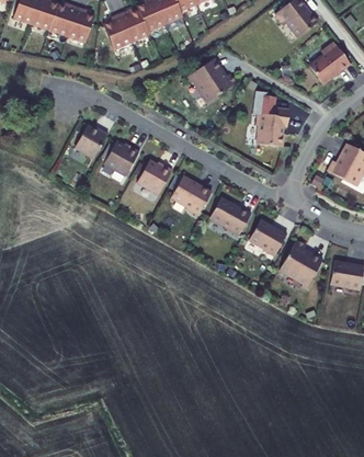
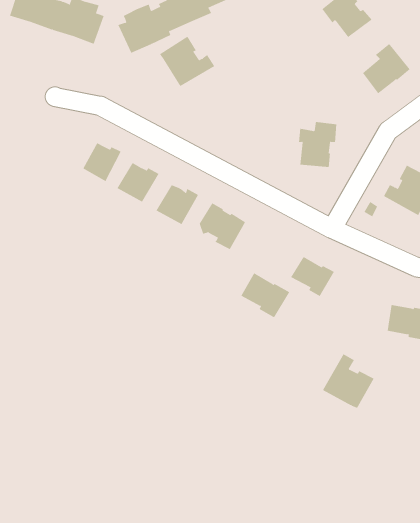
building: [190,58,237,101] -> [159,36,215,87]
building: [209,197,251,236] -> [241,272,290,318]
building: [278,239,322,285] -> [322,354,374,408]

